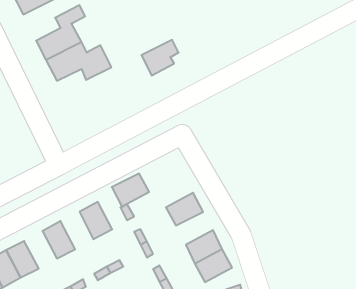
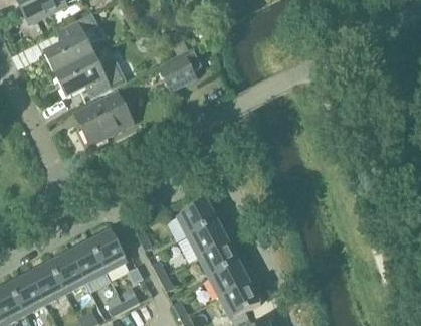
building: none -> [77,92,127,143]
building: [112,174,149,206] -> [176,199,217,235]
building: none -> [70,240,107,282]
building: none -> [198,240,239,277]
building: none -> [30,262,66,303]

